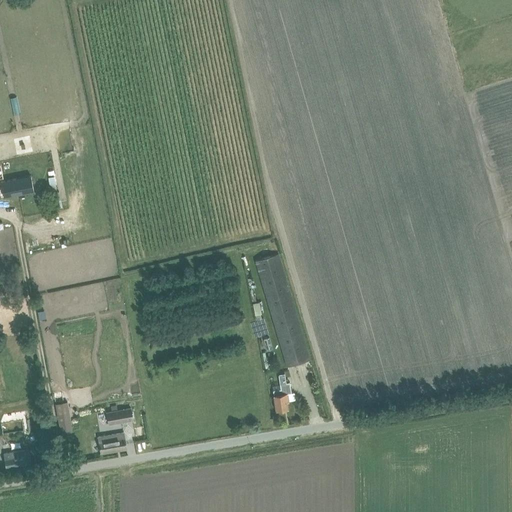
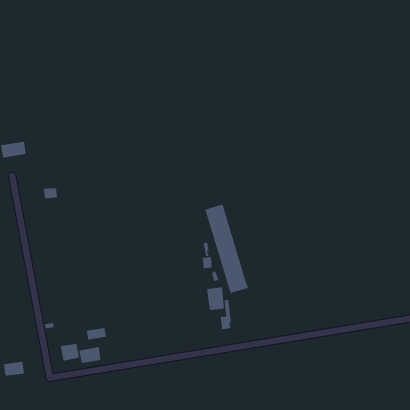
building: none -> [207,287,224,311]
building: none -> [60,343,80,361]

